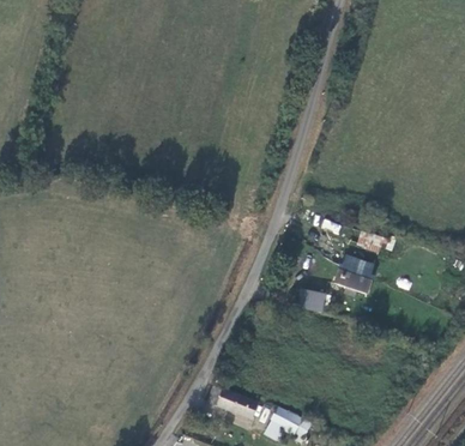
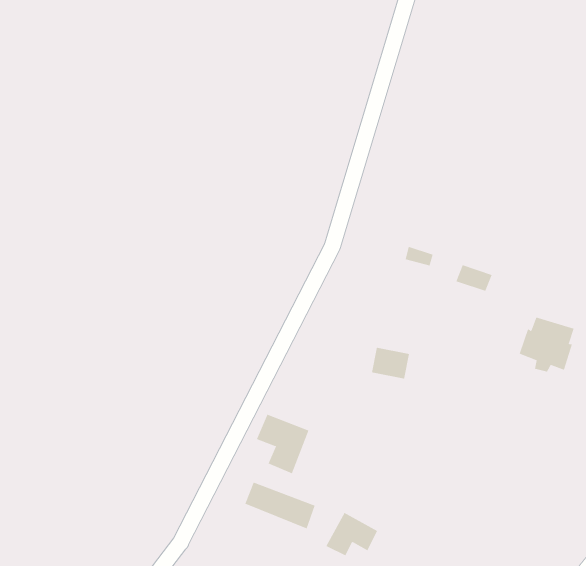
building: [334,255,374,295] -> [519,317,575,372]
building: none -> [256,414,309,474]

